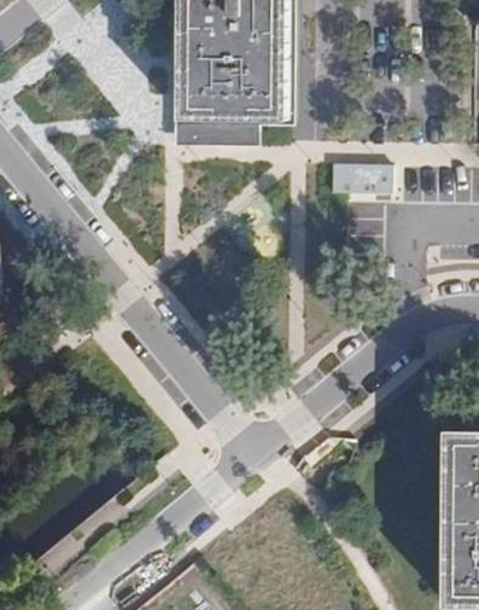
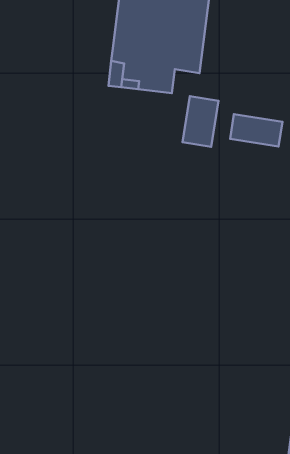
building: none -> [183,96,218,147]

